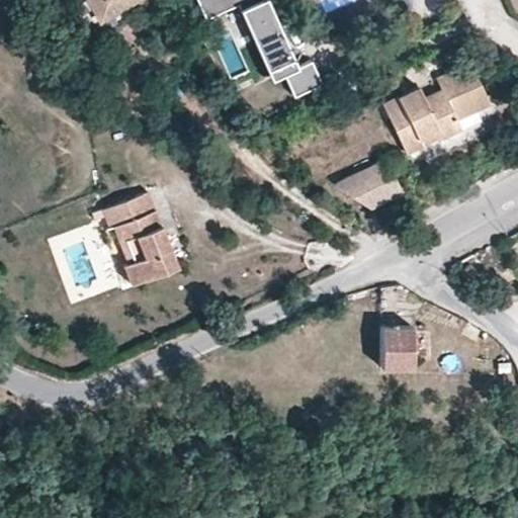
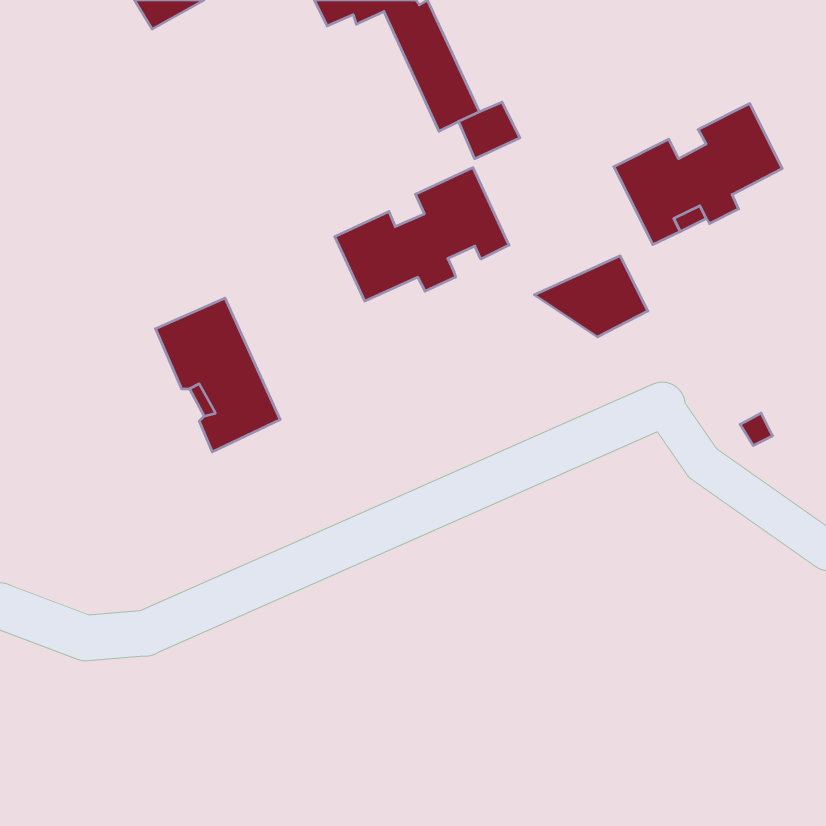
building: none -> [335,168,509,301]
building: [376,324,429,367] -> none

